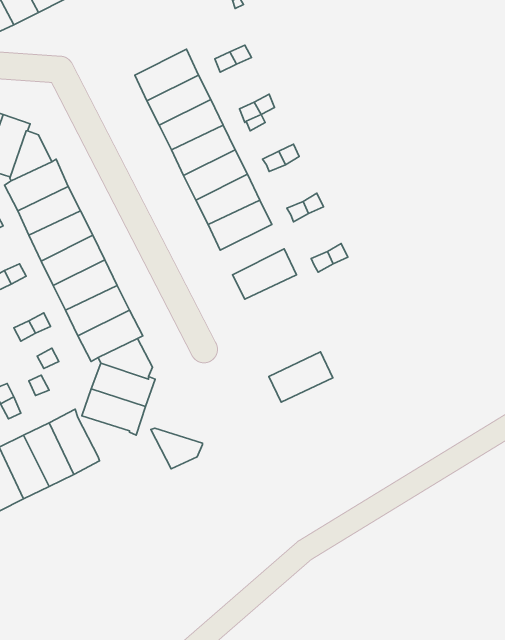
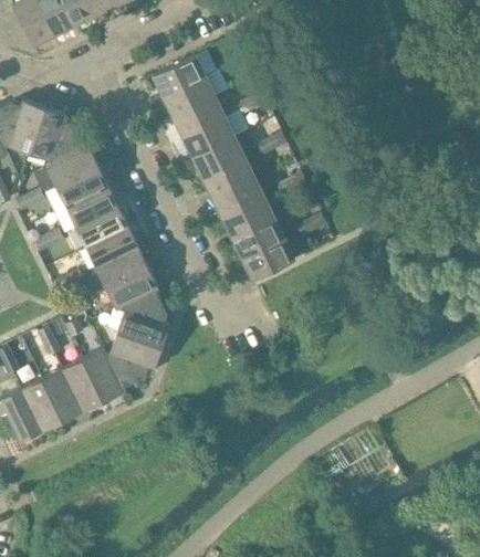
building: none -> [222,198,274,239]
building: [269,352,333,402] -> [242,239,294,280]
building: [151,428,202,469] -> [106,354,148,387]

